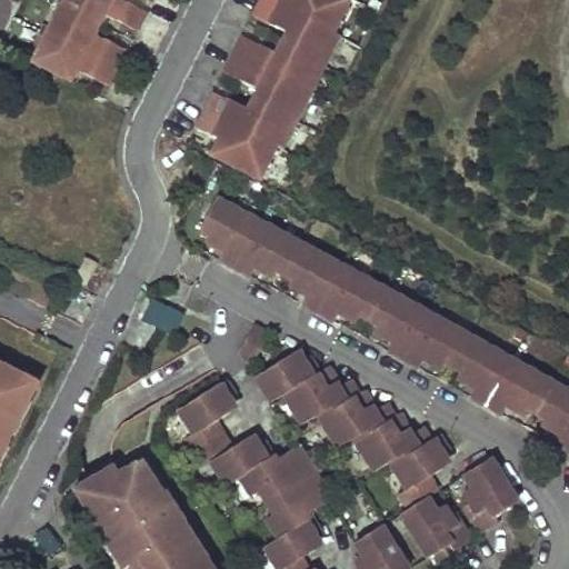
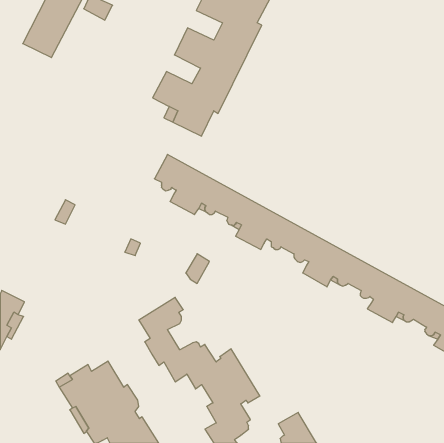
building: [80,31,126,80] -> none
building: [256,352,470,557] -> none
building: [465,457,517,531] -> none

